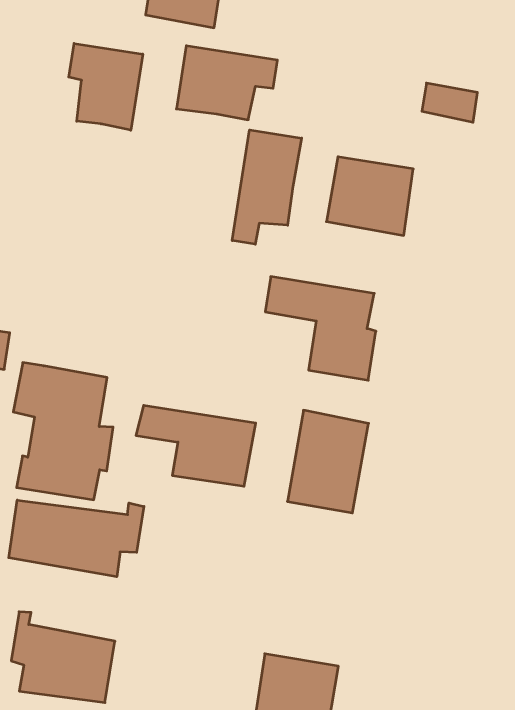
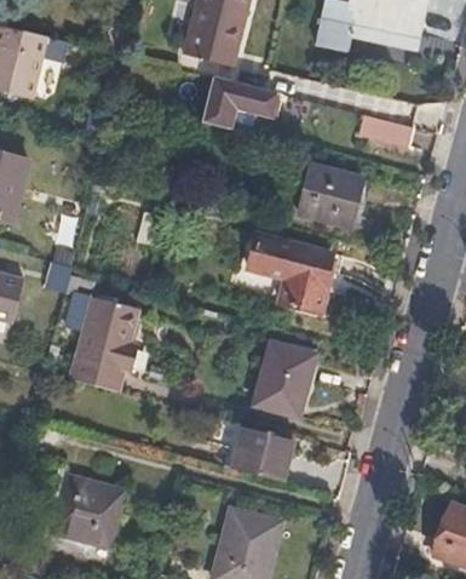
building: [69,43,143,130] -> none
building: [232,130,302,244] -> none
building: [136,405,256,486] -> [207,417,292,480]
building: [9,500,144,577] -> none

